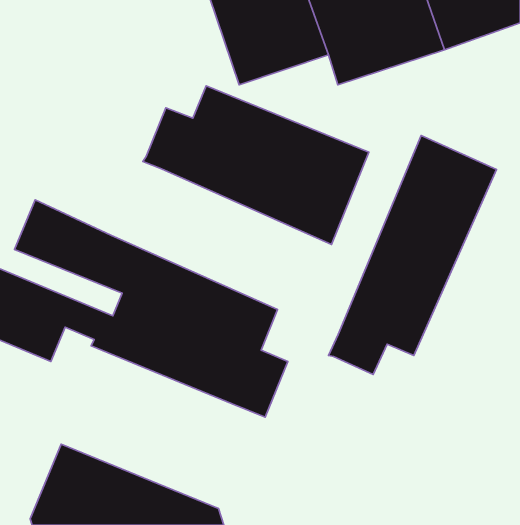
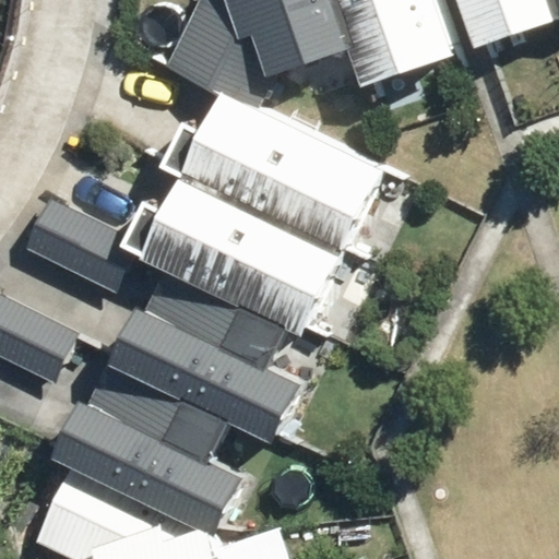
building: [328,136,497,374] -> none
building: none -> [117,178,349,336]
building: none -> [56,365,259,538]

